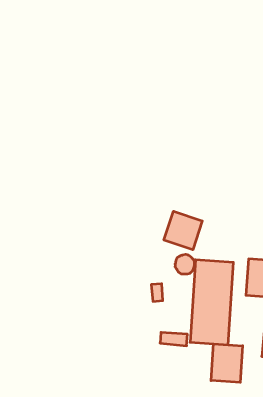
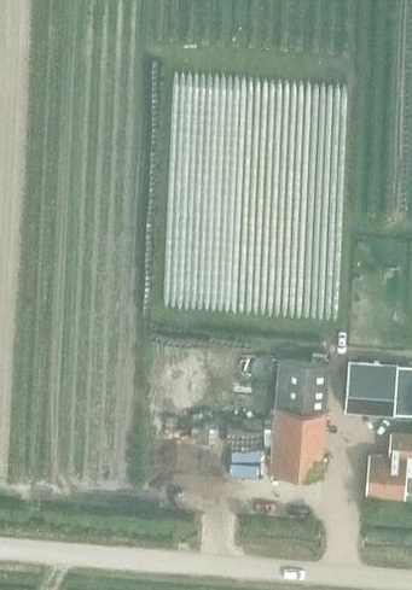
building: [164,211,202,250] -> none
building: [211,344,243,382] -> none

